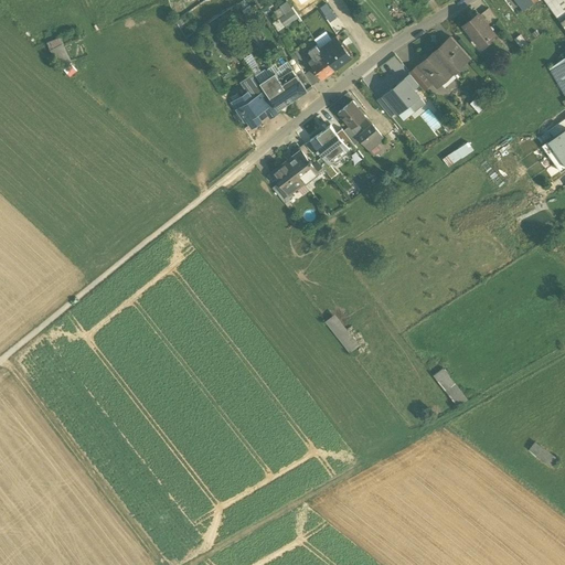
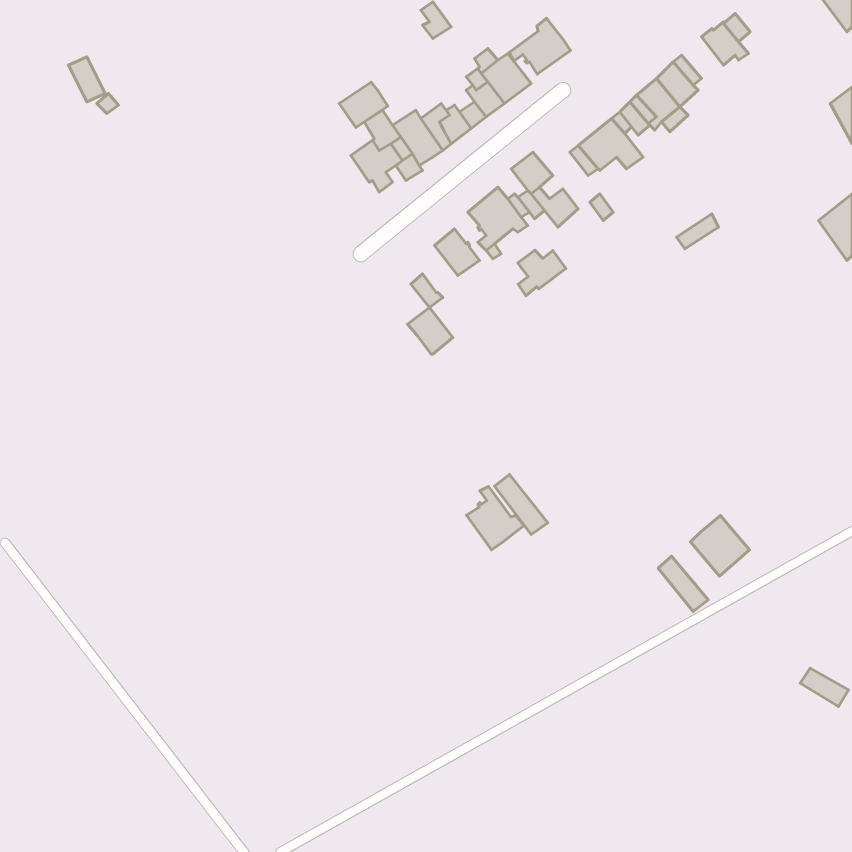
building: none -> [509,18,570,74]
building: none -> [339,82,388,128]
building: [273,162,302,193] -> [408,307,453,354]
building: none -> [518,250,566,296]
building: none -> [467,486,524,550]
building: none -> [690,515,750,576]

